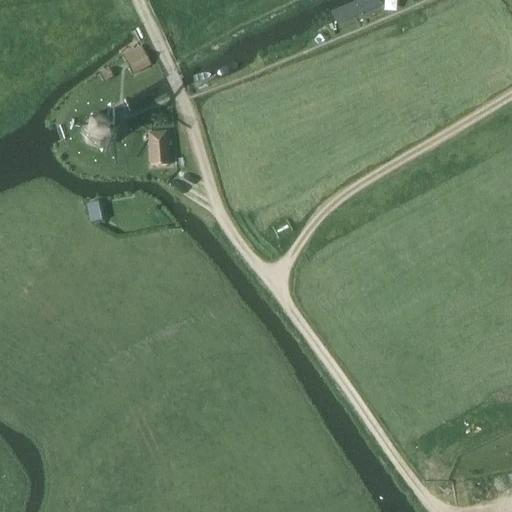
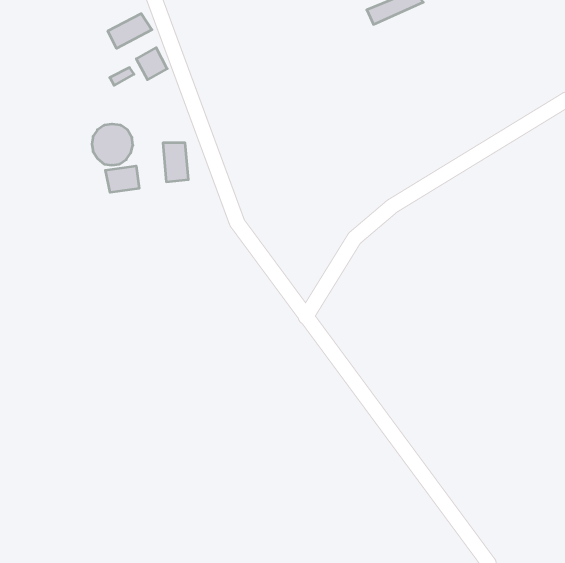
building: none -> [108,14,152,48]
building: none -> [105,166,139,192]

